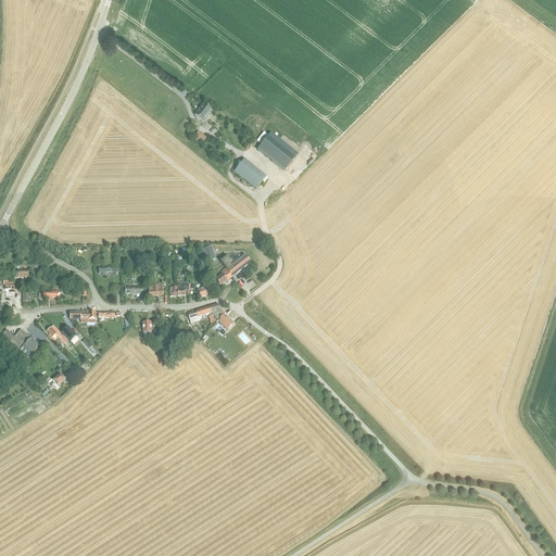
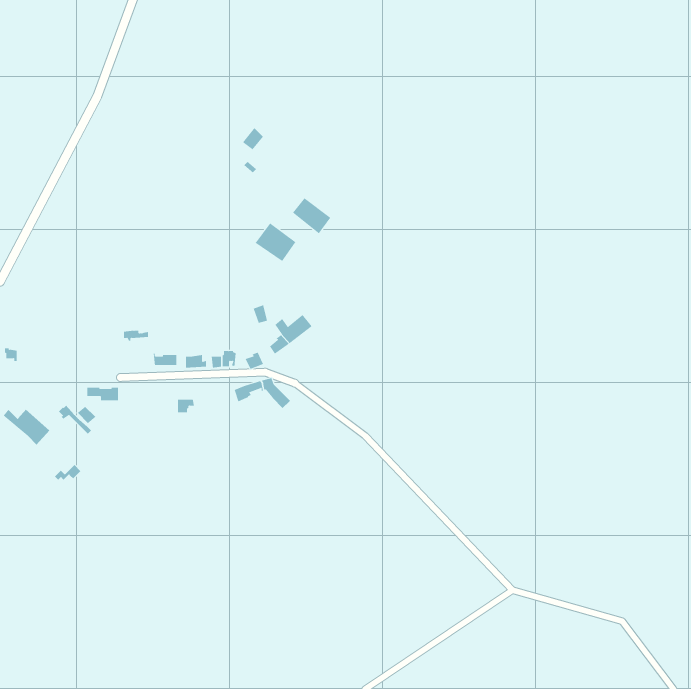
building: [257,132,298,169] -> none
building: none -> [255,222,296,262]

